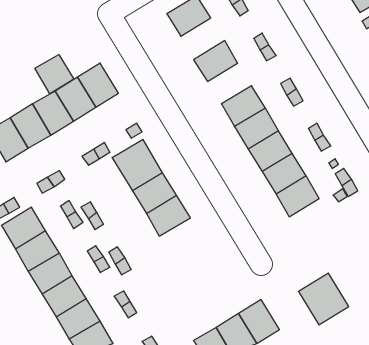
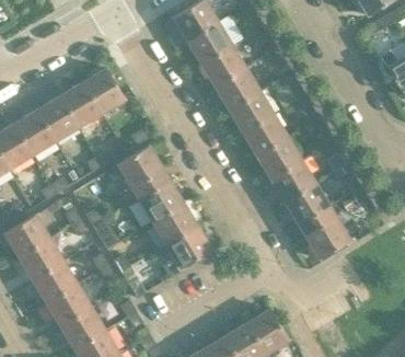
building: none -> [187,22,232,65]
building: [35,55,74,94] -> none
building: none -> [215,68,259,110]
building: none -> [165,226,211,268]
building: [298,273,349,325] -> [298,206,349,258]

